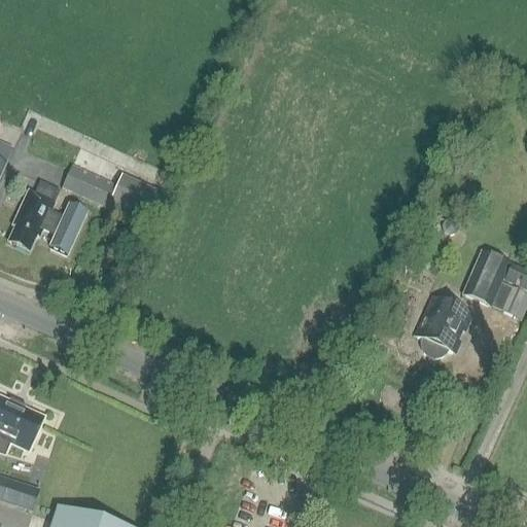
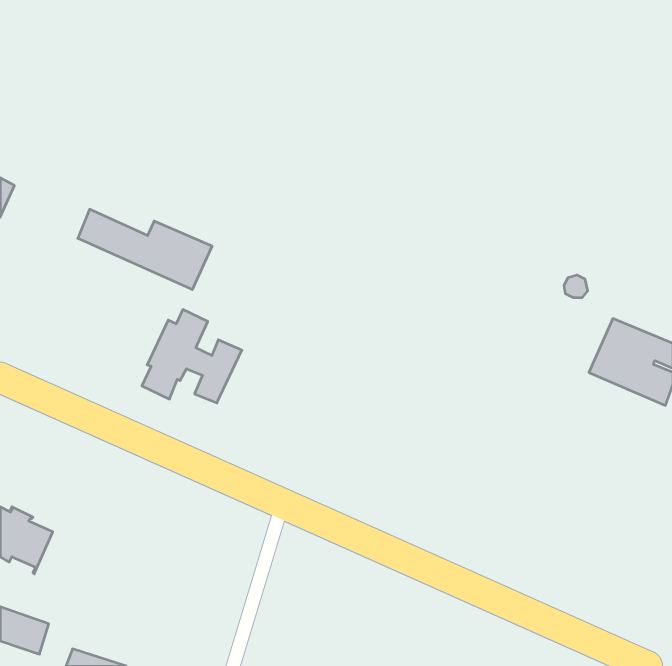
building: [8,179,86,252] -> [142,310,242,403]
building: [417,296,470,356] -> none

